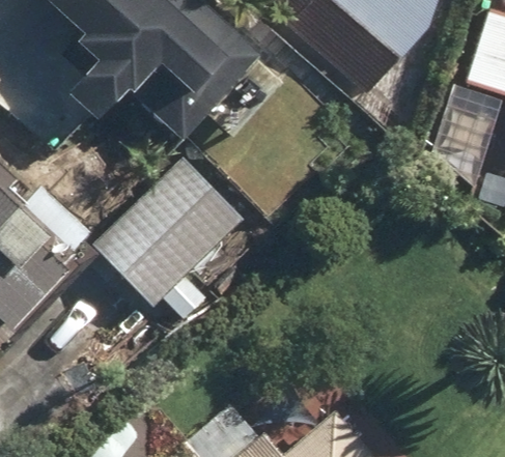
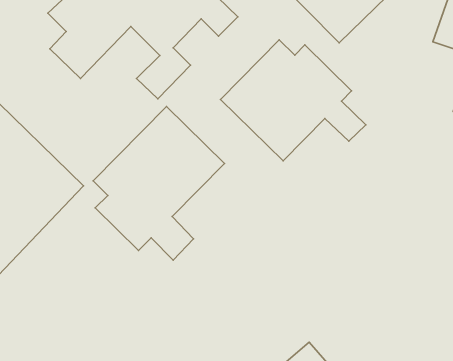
building: none -> [221,40,366,161]

